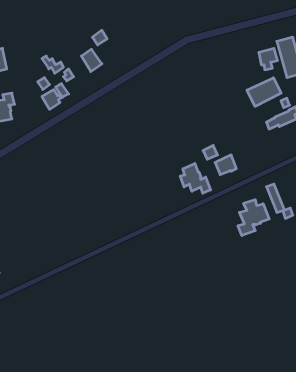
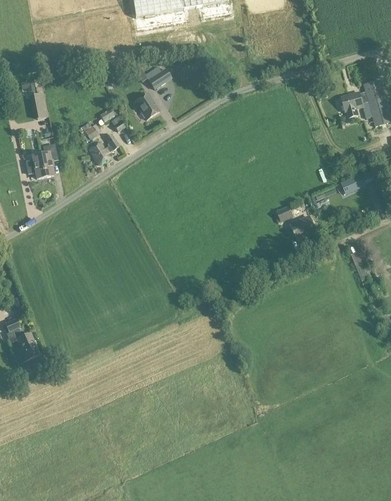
building: [247,78,281,106] -> none
building: [180,163,211,193] -> none
building: [238,200,269,236] -> none

